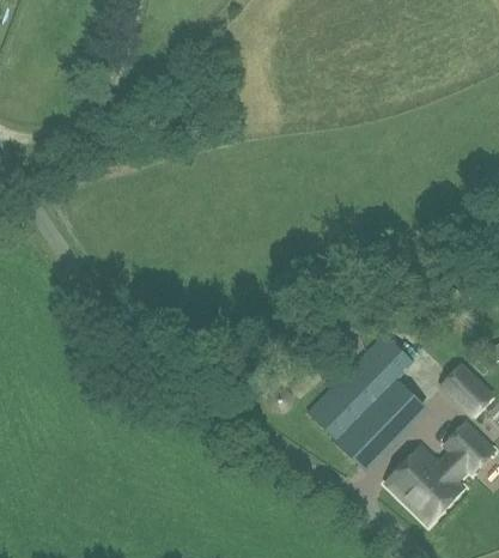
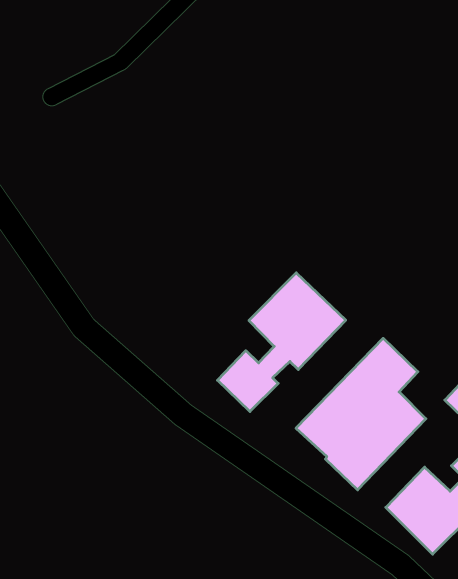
building: none -> [217,273,346,412]

